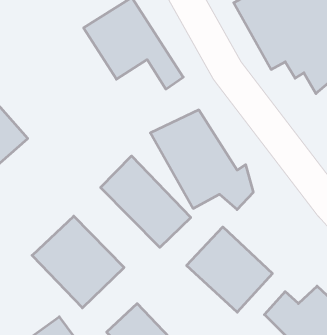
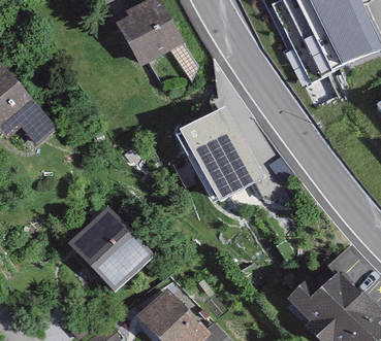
building: [101,156,191,247] -> none
building: [187,227,272,312] -> none

